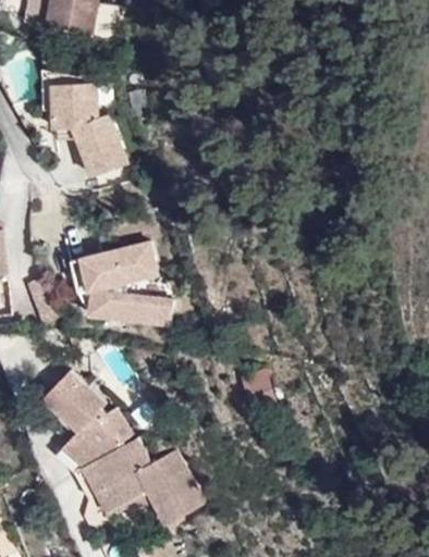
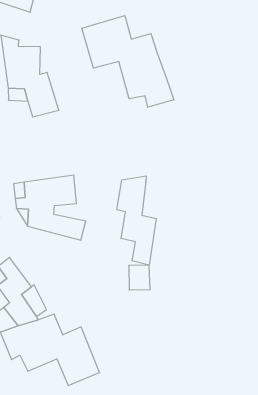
building: none -> [82,16,174,107]
building: none -> [117,176,156,265]

